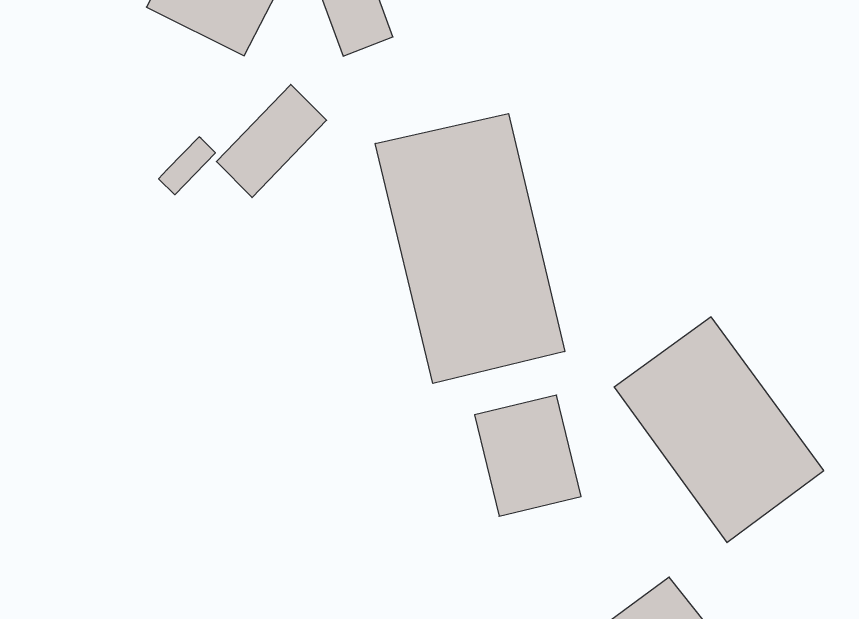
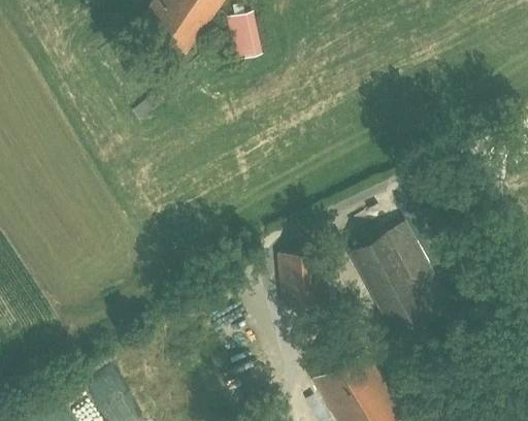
building: [216,84,327,198] -> none
building: [375,114,565,383] -> none

